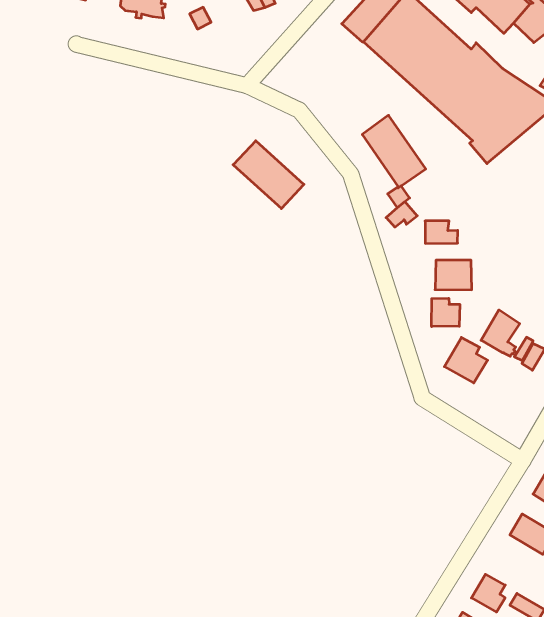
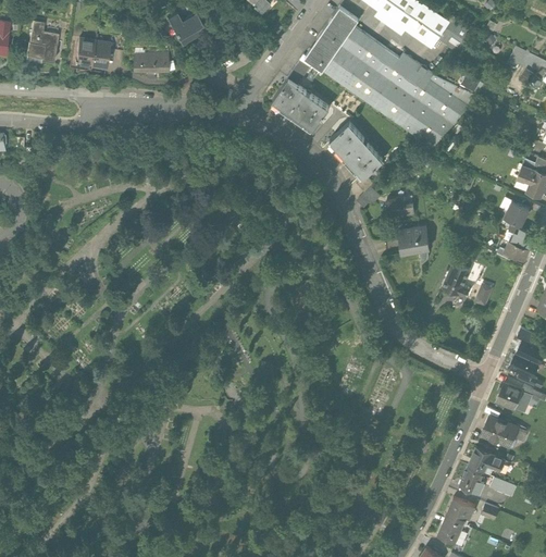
building: [233,141,304,209] -> [273,78,330,128]
building: [432,298,460,327] -> none
building: [444,337,488,383] -> none
building: none -> [467,449,501,475]

